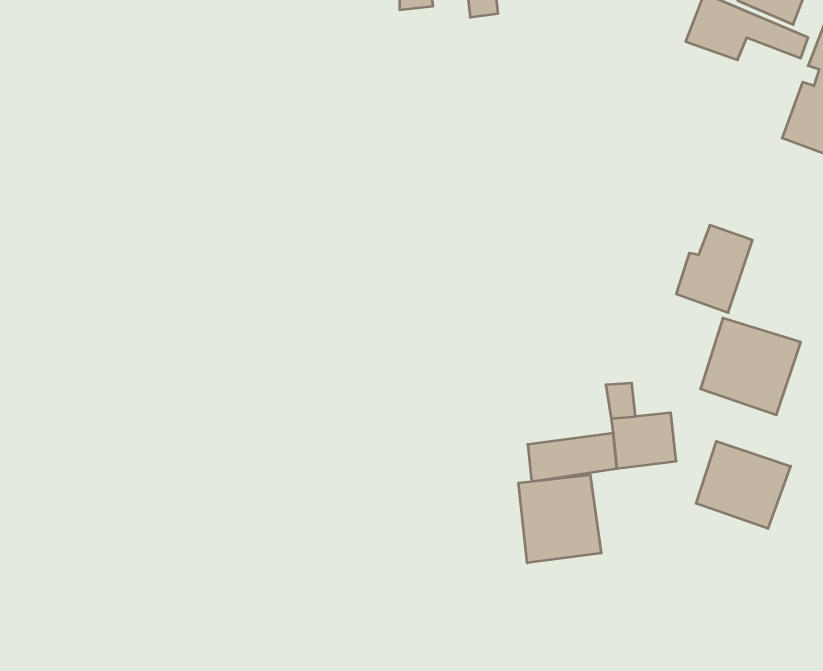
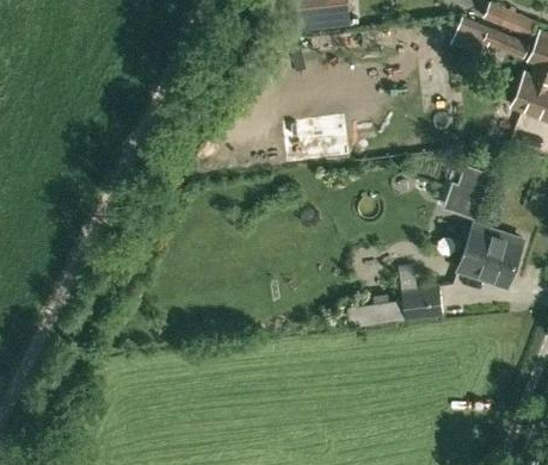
building: [696,441,791,529] -> none
building: [519,475,601,563] -> none

